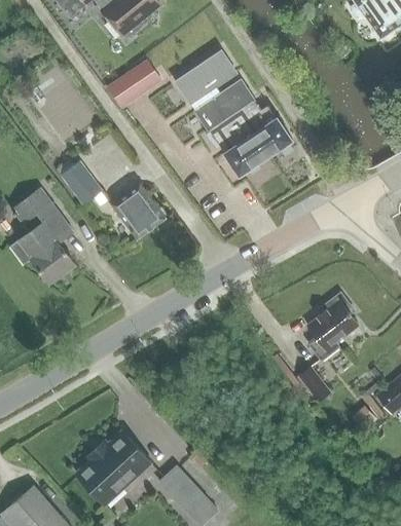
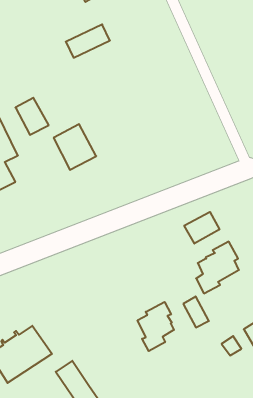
building: [175,50,291,178] -> none
building: none -> [184,212,219,244]
building: none -> [138,302,174,351]

